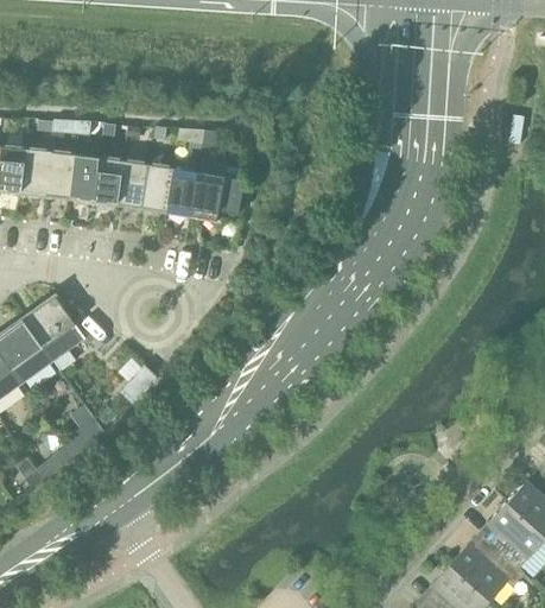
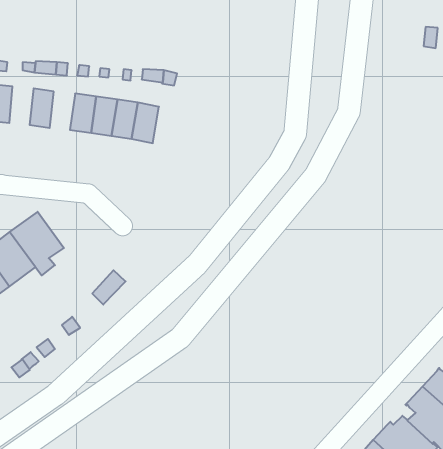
building: [20,150,49,195] -> none
building: [68,156,97,201] -> none
building: [189,162,245,221] -> none

